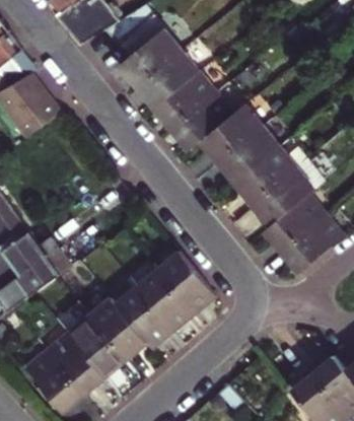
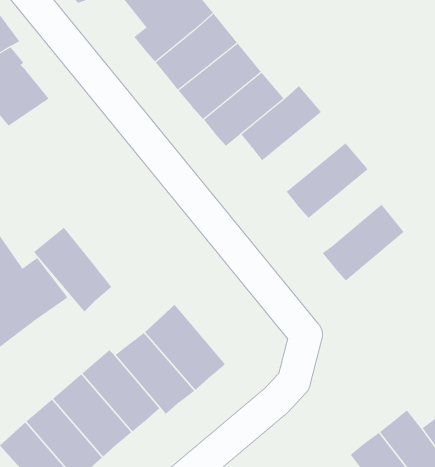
building: [220,123,284,184] -> none
building: [256,166,317,225] -> none
building: [284,214,345,272] -> none
building: [154,250,214,314] -> [33,227,112,312]

